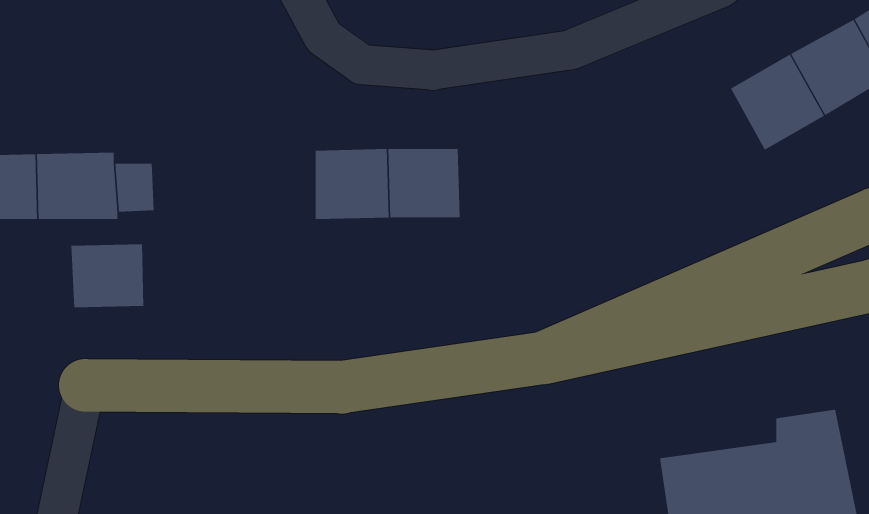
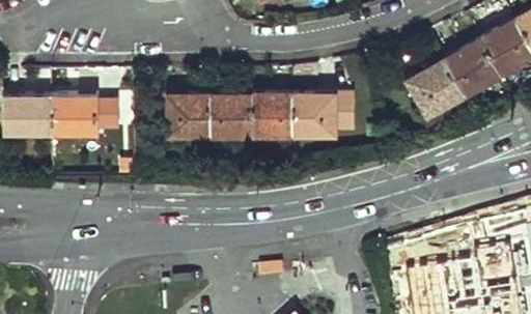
building: none -> [408,61,466,117]
building: none -> [291,94,353,135]
building: none -> [170,96,209,136]
building: [71,243,144,308] -> none

